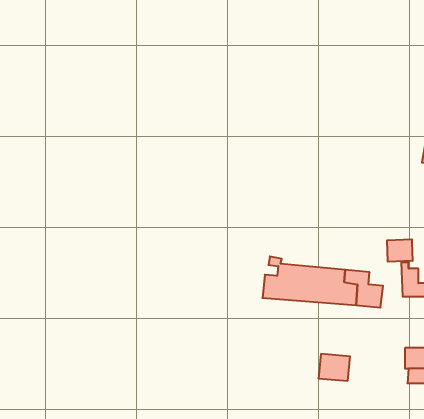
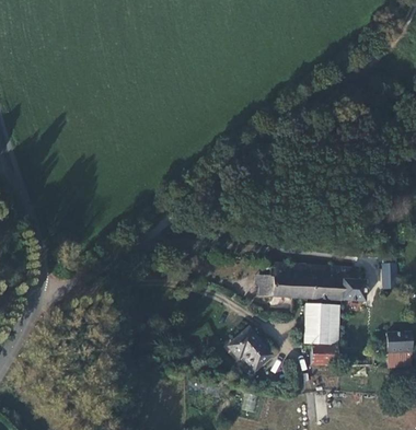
building: [387,239,413,262] -> none
building: none -> [302,305,340,345]
building: none -> [230,326,274,368]

